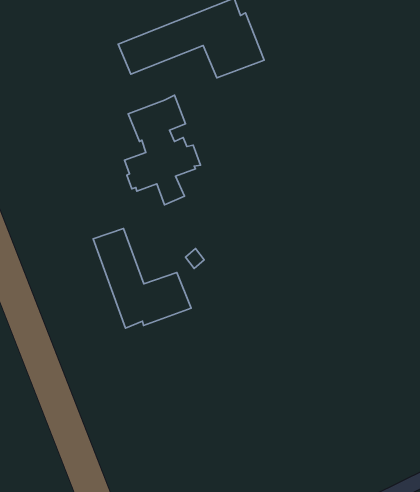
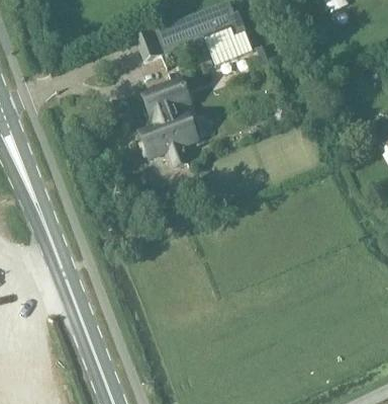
building: [93,228,191,328] -> none

